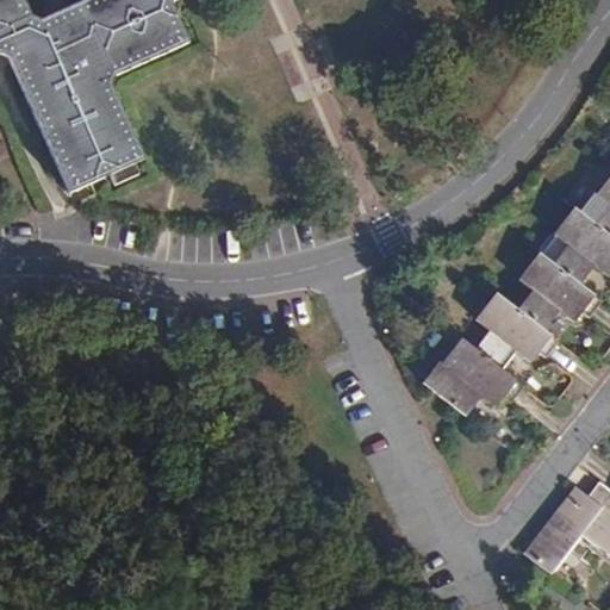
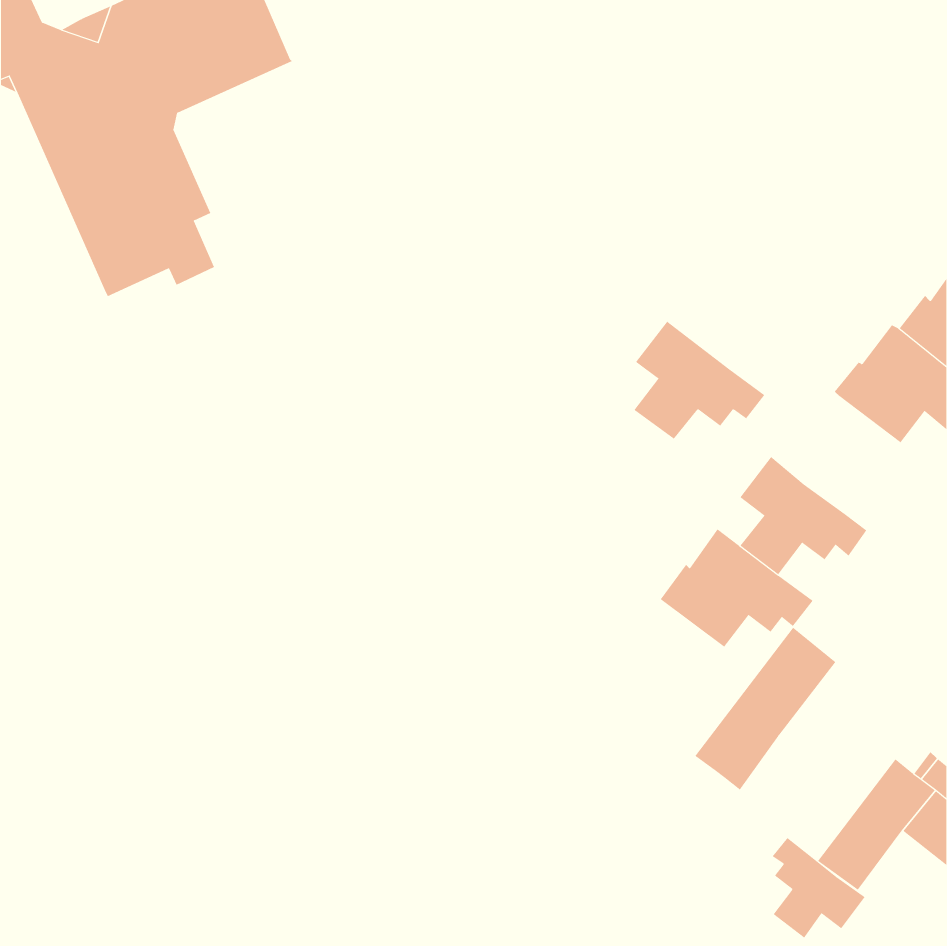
building: [517,254,602,330] -> [633,321,765,440]
building: none -> [695,627,836,790]
building: none -> [772,837,866,938]

